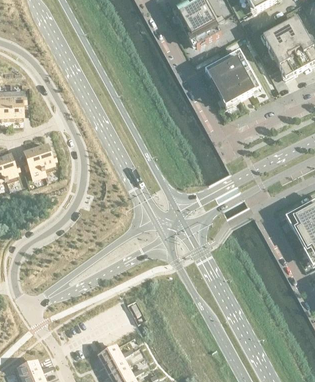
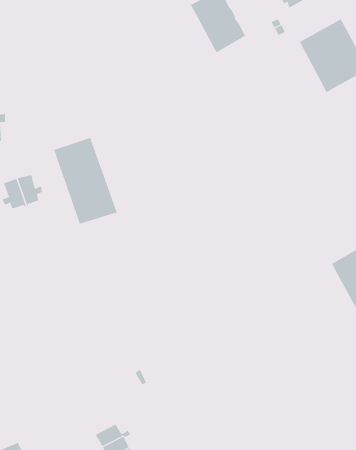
building: [205,50,258,105] -> none
building: none -> [53,137,117,225]

